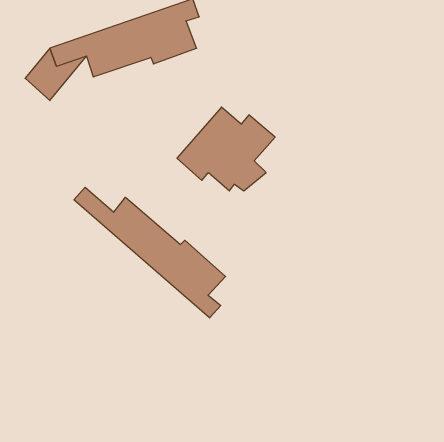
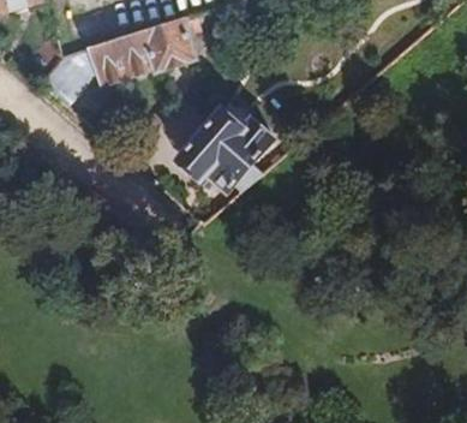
building: [74,187,226,318] -> none

